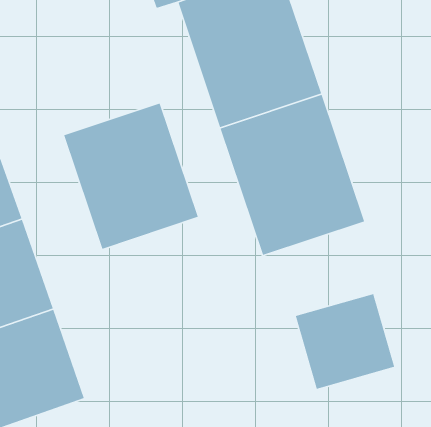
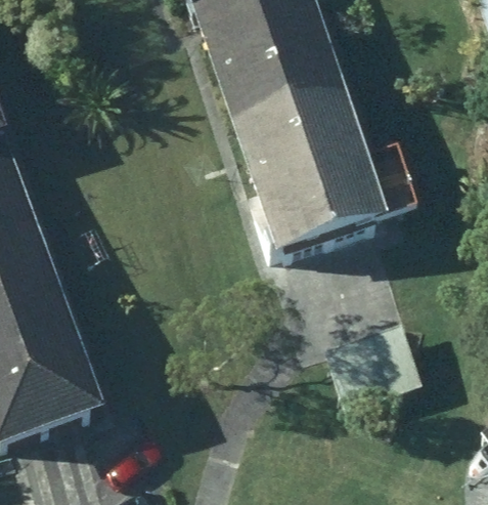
building: [63,102,199,250] -> none

